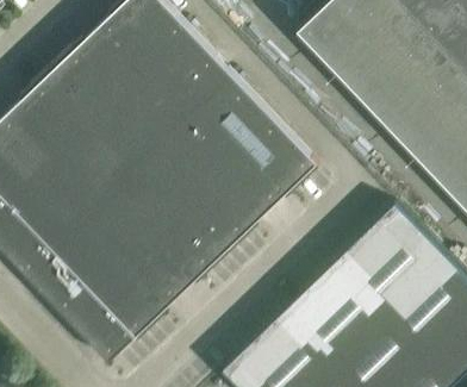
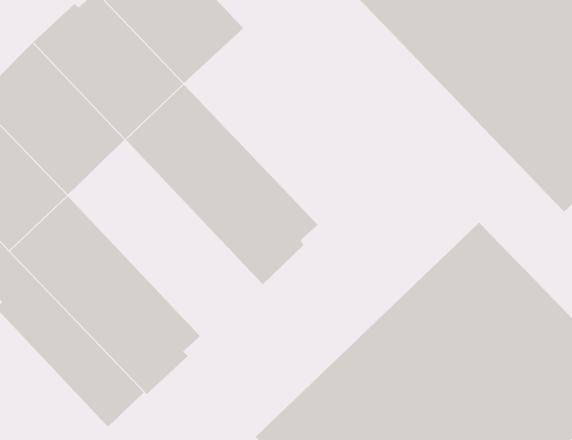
building: [167,55,319,206] -> none
building: [77,141,228,292] -> none

